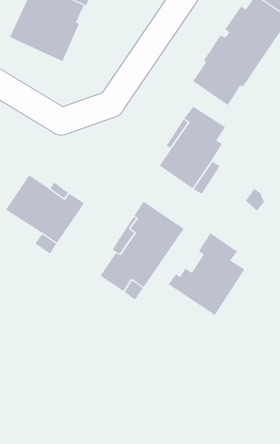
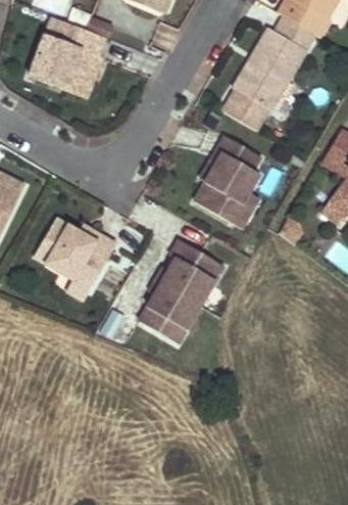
building: [168,233,245,316] -> none

